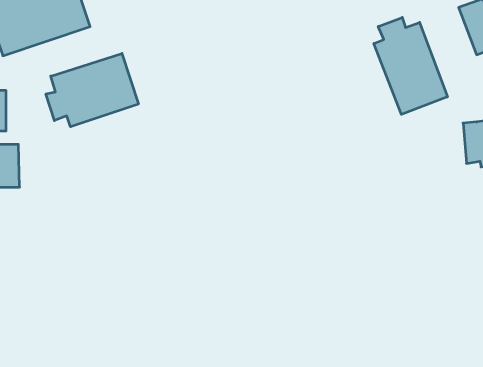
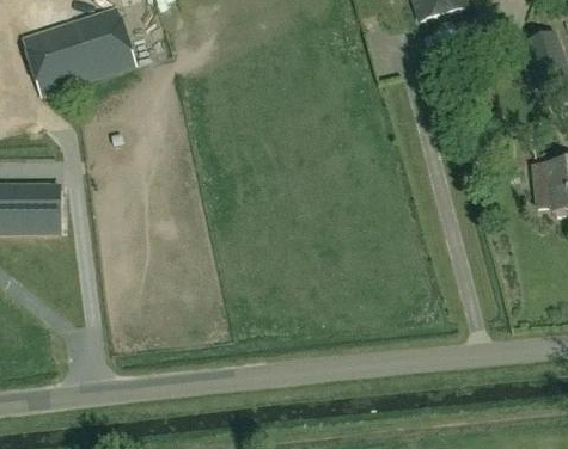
building: [374,17,447,114] -> none
building: [46,53,138,127] -> none

